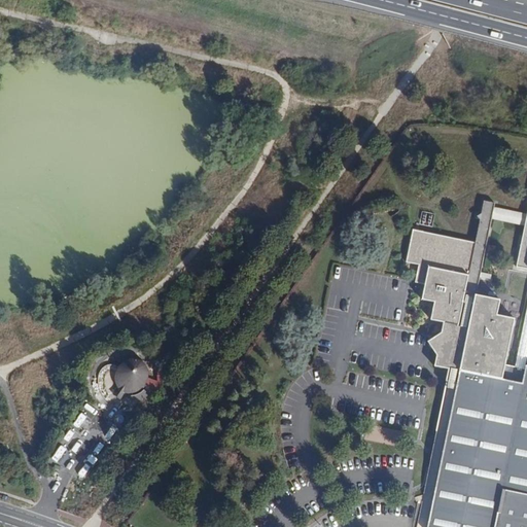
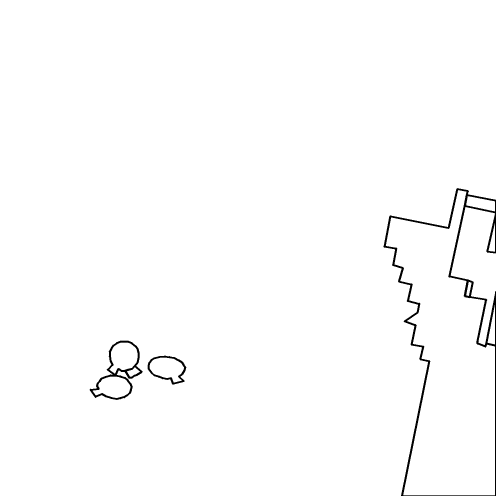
building: none -> [149,356,185,384]
building: none -> [91,375,132,399]

